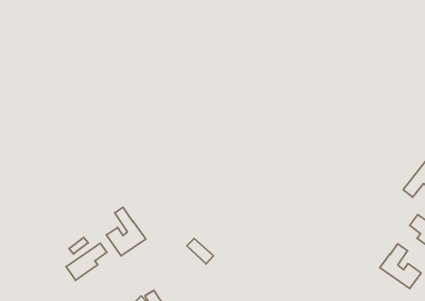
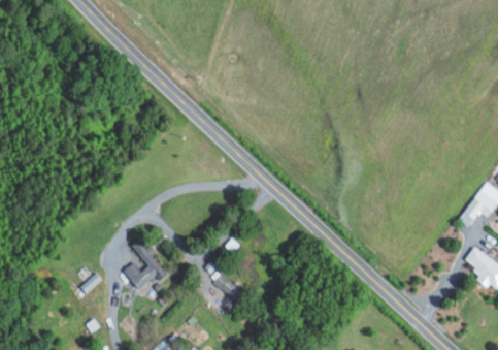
building: [66,243,107,280] -> none
building: [380,244,421,289] -> none

